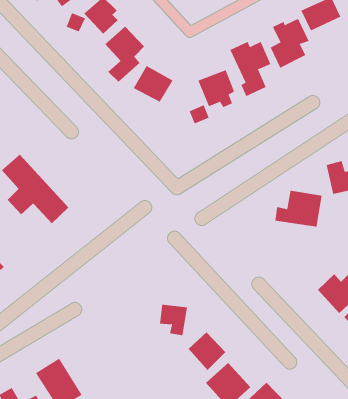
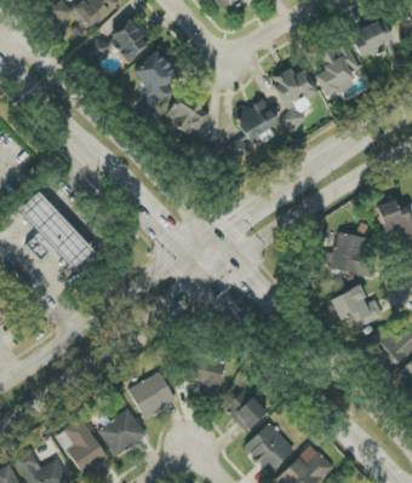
building: none -> [330,286,382,323]
building: none -> [128,373,174,416]
building: none -> [97,408,147,456]

